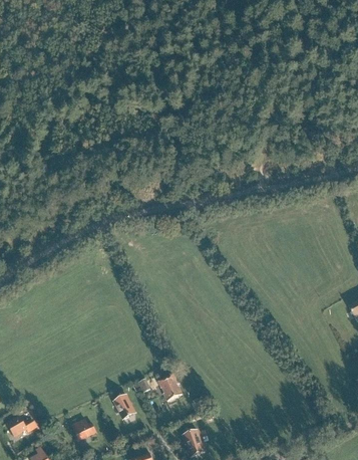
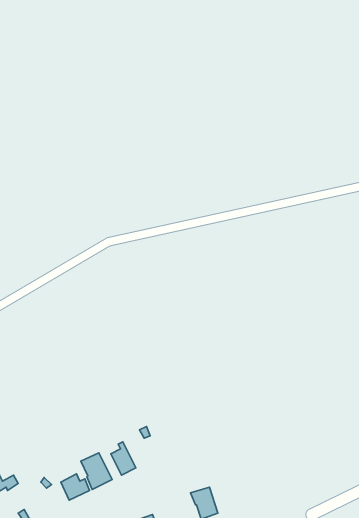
building: [158,375,183,402] -> none
building: none -> [81,453,112,490]

